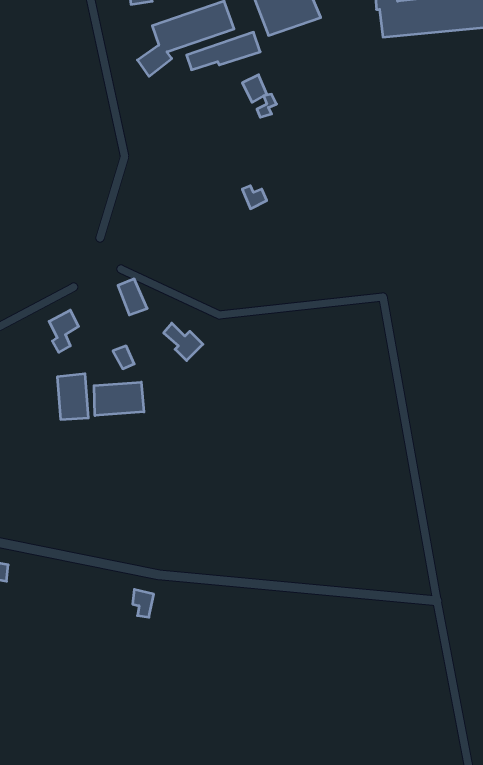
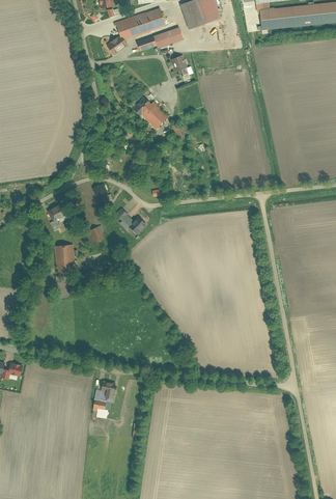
building: none -> [132,96,169,130]
building: [94,382,144,416] -> none

